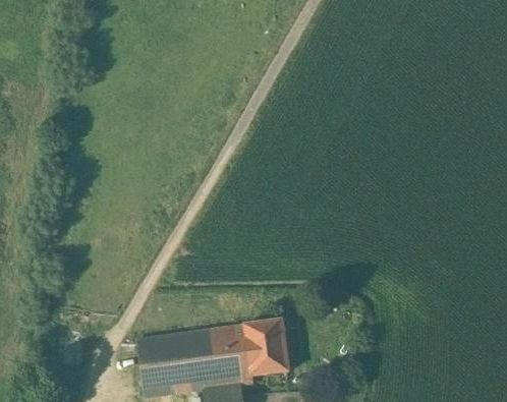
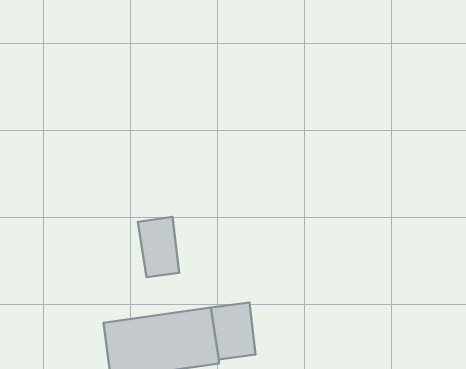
building: none -> [138,217,179,277]

